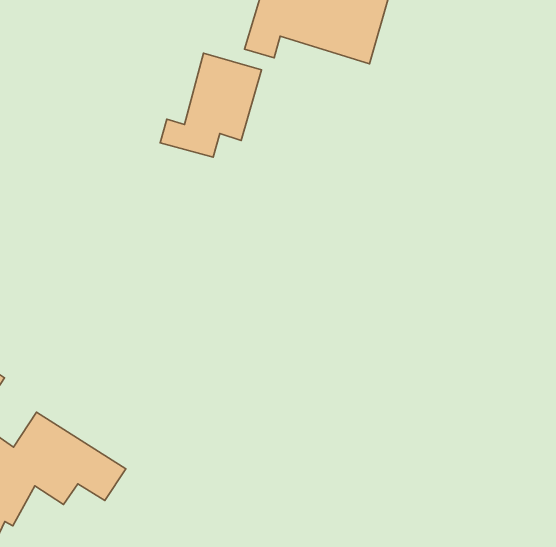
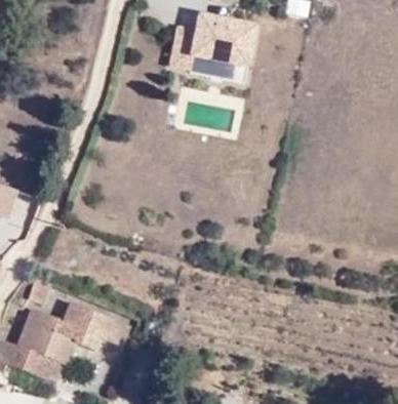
building: [160,53,261,157] -> none

